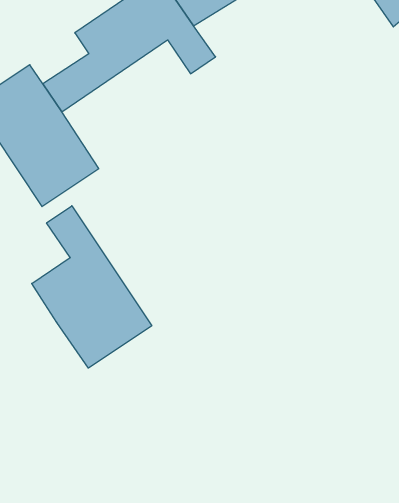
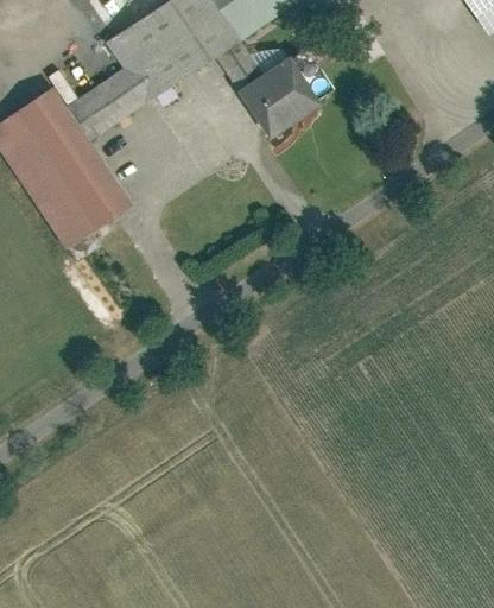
building: none -> [243,57,324,140]
building: [32,206,152,368] -> none

